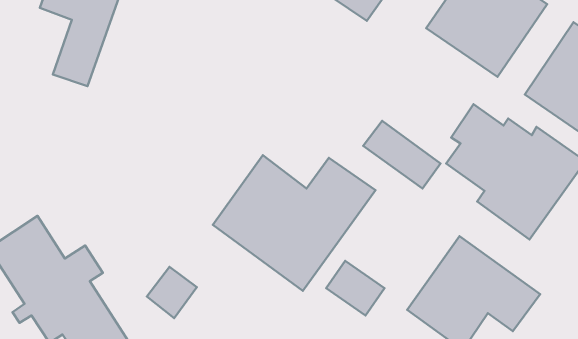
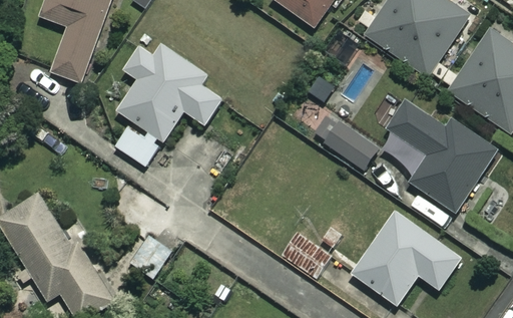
building: none -> [114,44,221,168]
building: [213,155,375,291] -> none

